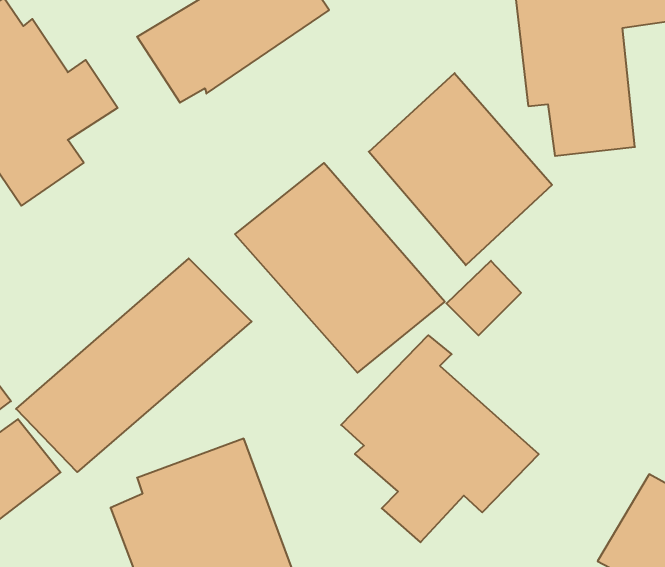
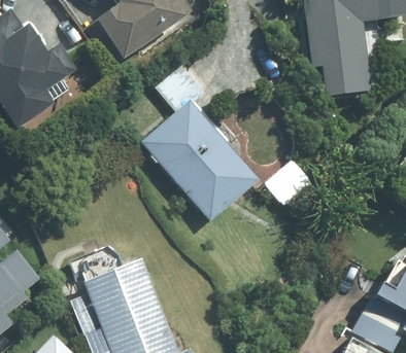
building: [369,73,552,265] -> none
building: [16,258,252,472] -> none
building: [341,335,539,542] -> none

